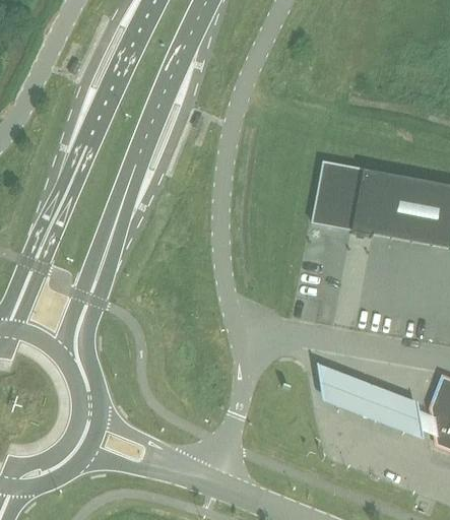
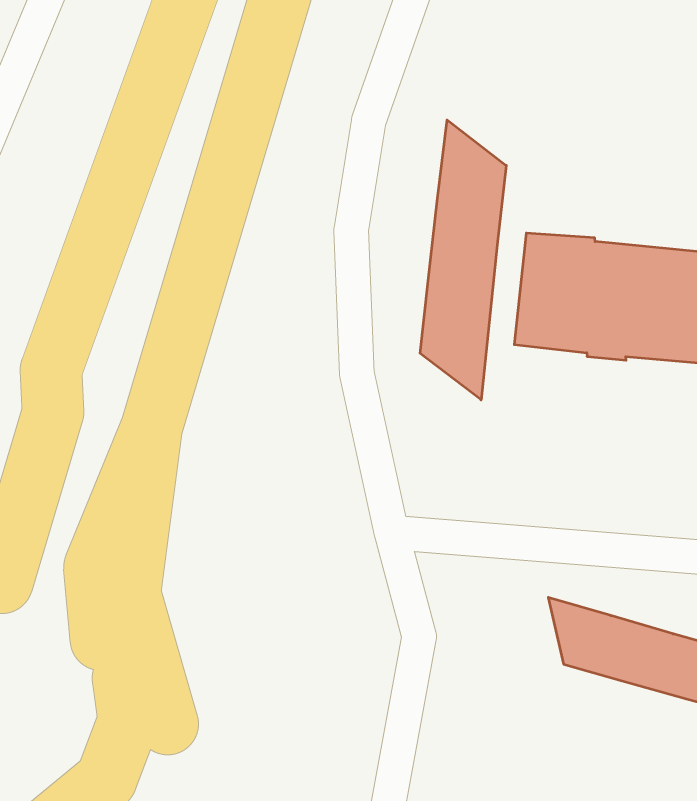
building: none -> [420,120,506,400]

